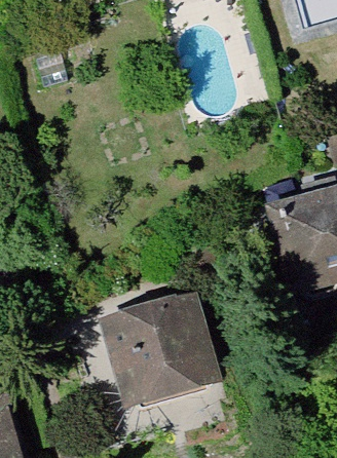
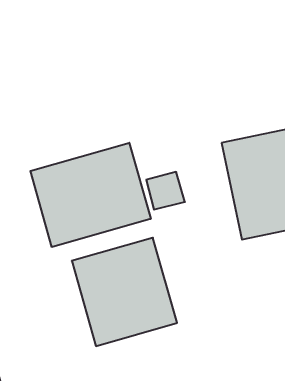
building: none -> [30,143,151,247]

